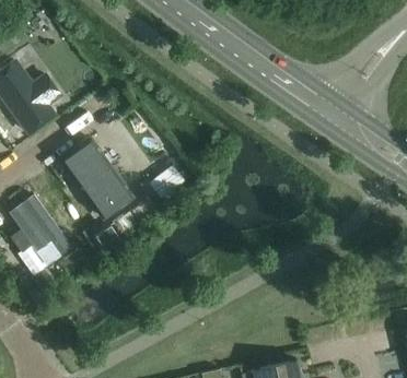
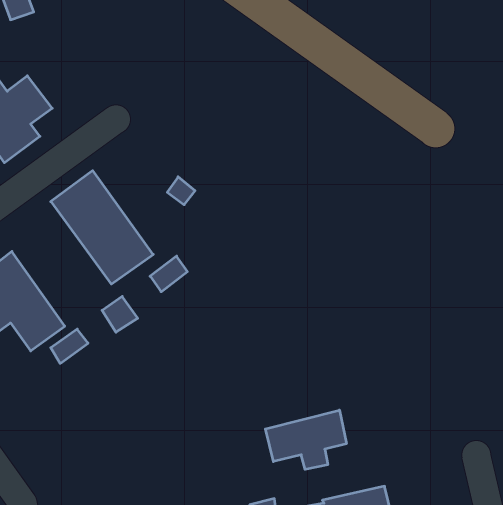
building: none -> [265,410,346,469]

